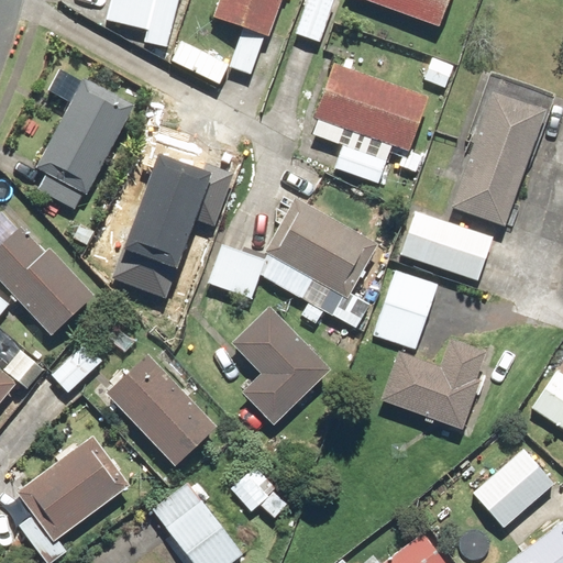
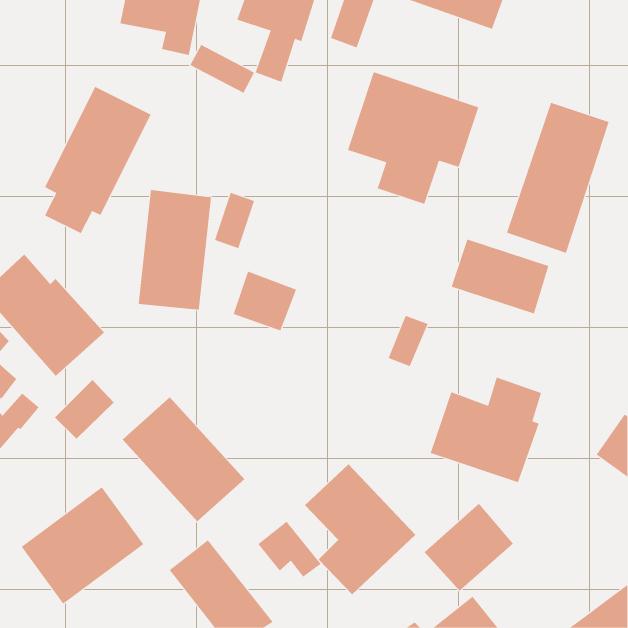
building: [264,197,377,298] -> none
building: [373,266,439,351] -> none
building: [231,306,331,423] -> [304,463,416,595]
building: [473,448,553,527] -> [424,503,514,591]

